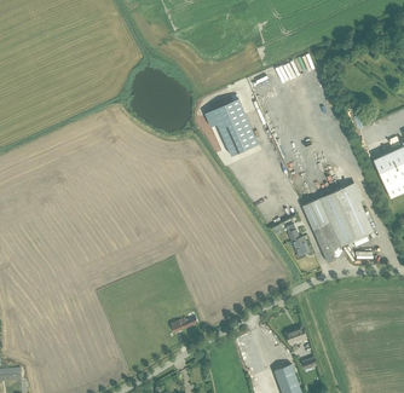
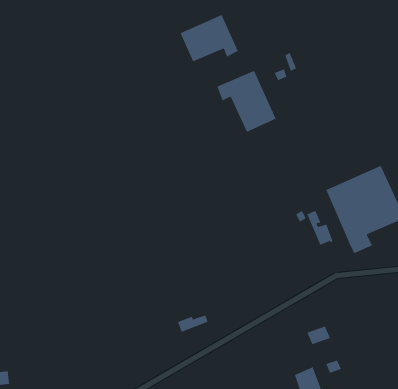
building: none -> [180,14,239,62]

